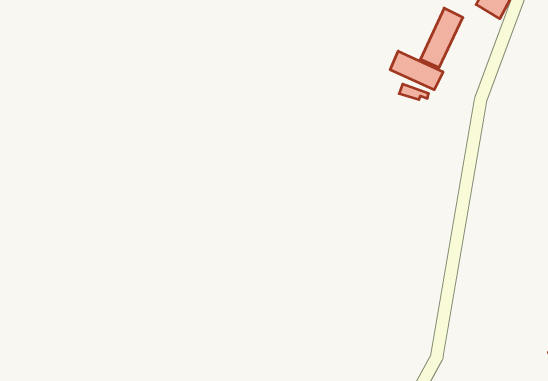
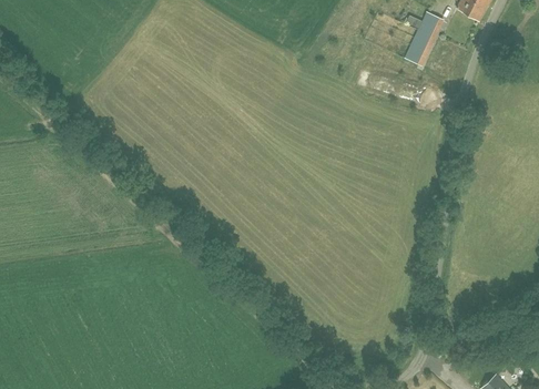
building: [390,51,443,90] -> none

